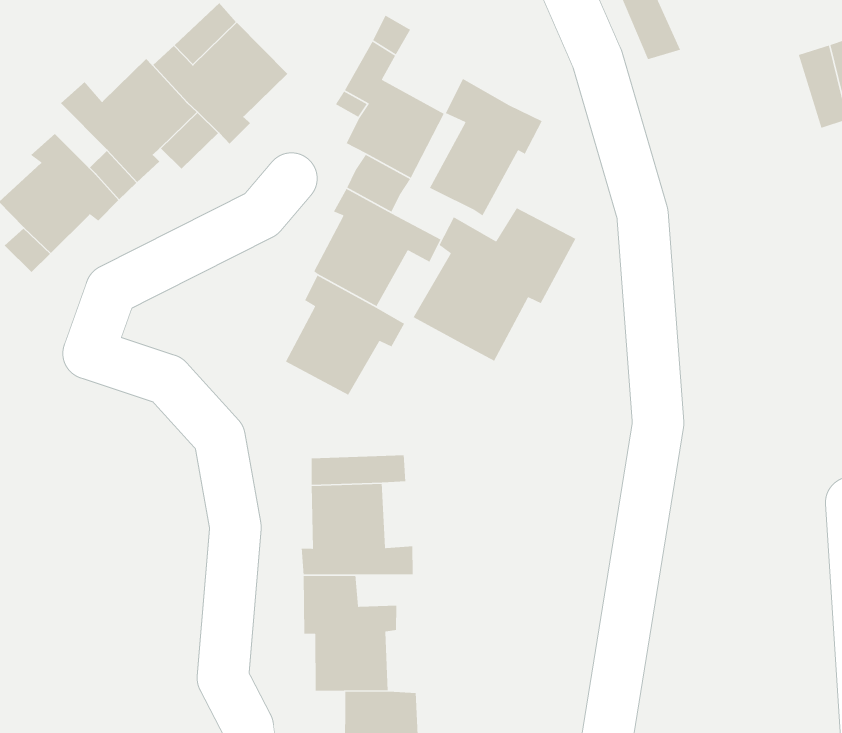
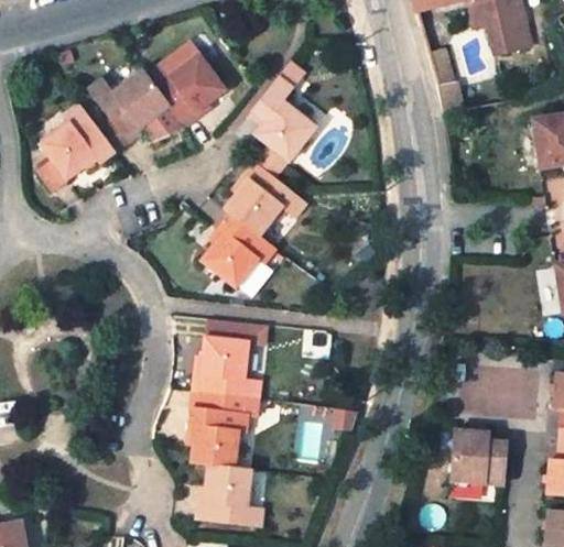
building: [429,78,543,217] -> none
building: [413,207,576,362] -> none
building: none -> [454,430,509,485]

